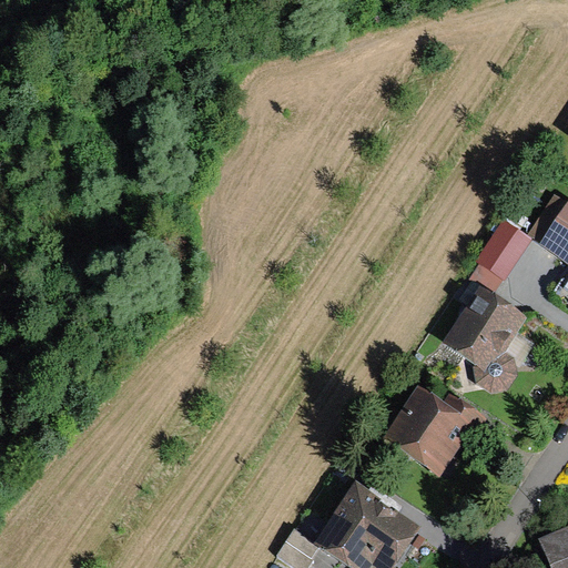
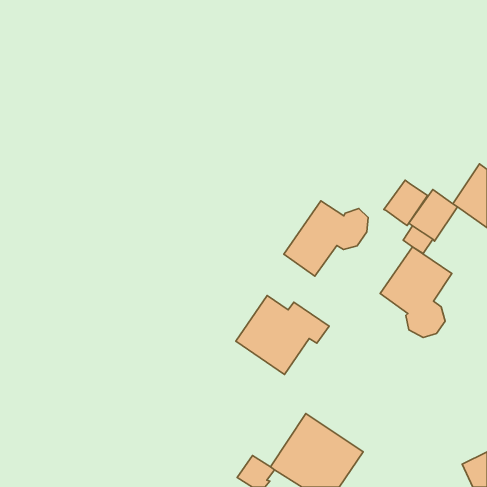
building: none -> [384,180,427,225]
building: none -> [284,201,368,276]
building: [383,385,491,477] -> [236,296,329,375]

